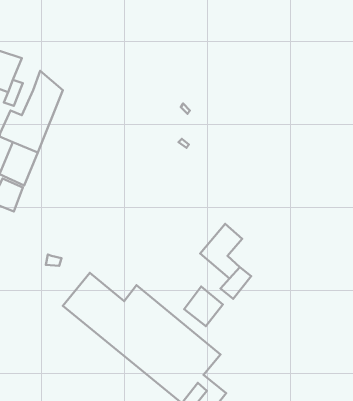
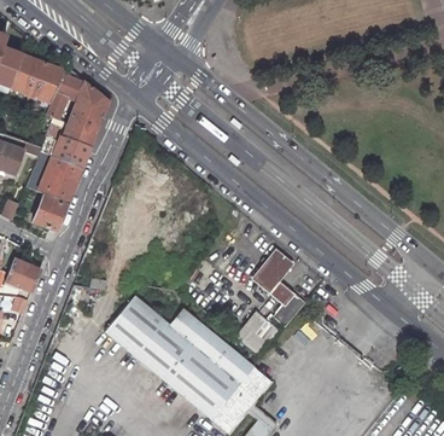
building: none -> [53,66,82,103]

